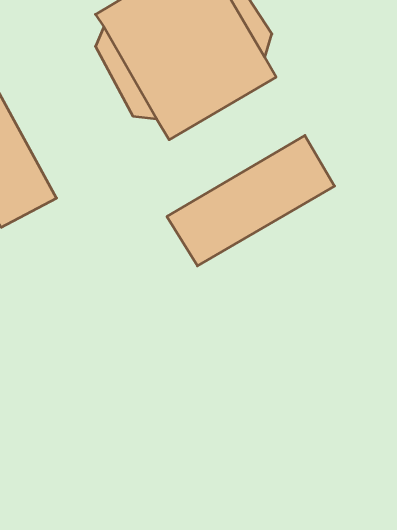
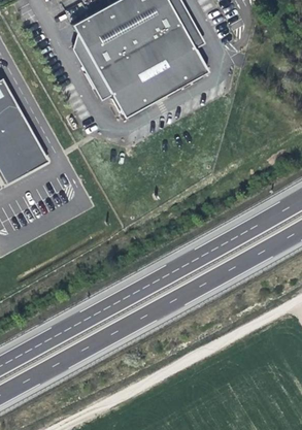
building: [167,135,335,266] -> none

